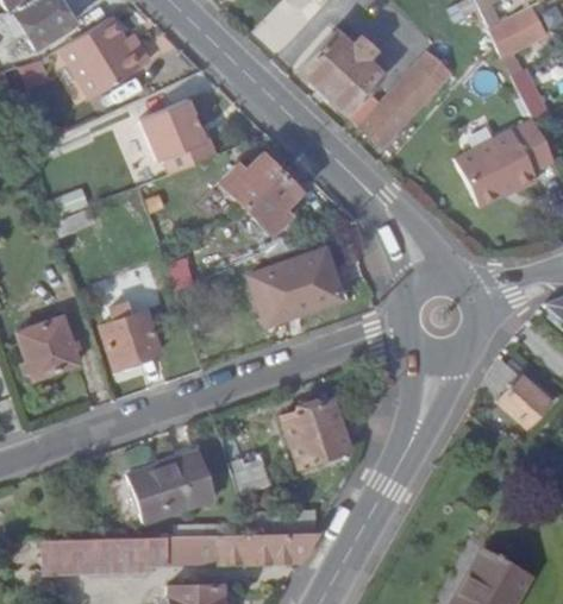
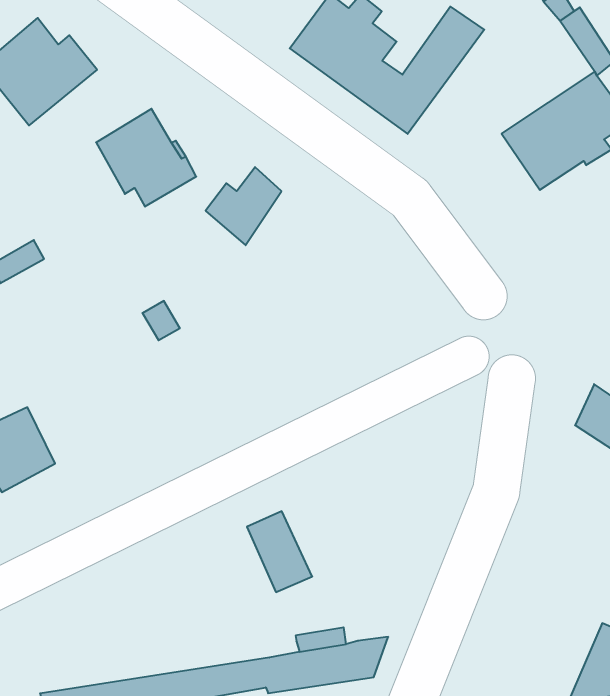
building: [248,177,298,237] -> none
building: [249,250,340,326] -> none
building: [100,303,158,367] -> none
building: [282,398,349,466] -> none
building: [136,447,224,521] -> none

